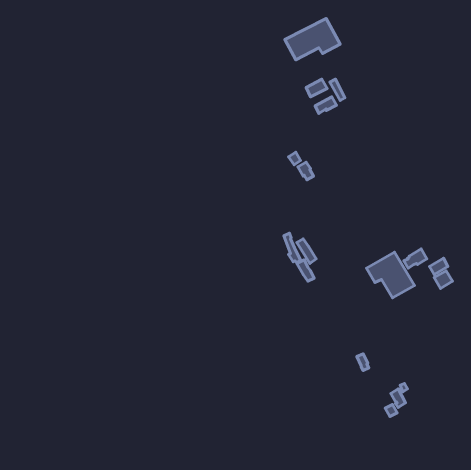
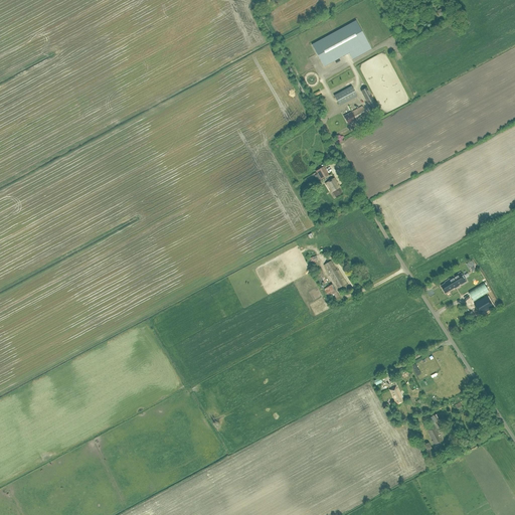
building: [367,252,414,298] -> none

